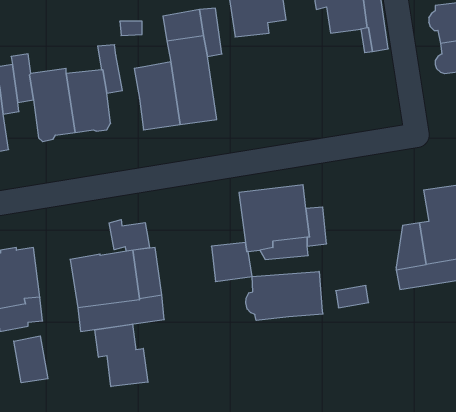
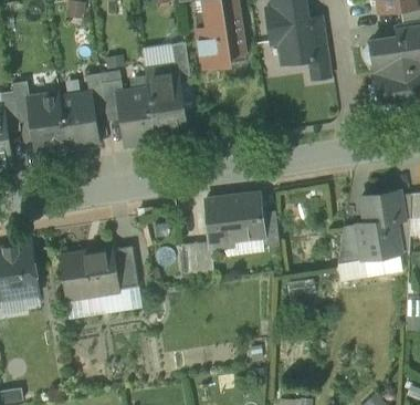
building: none -> [101,79,123,121]
building: [109,220,150,251] -> none
building: [246,271,323,320] -> none
building: [95,324,148,387] -> none
building: [14,336,48,383] -> none

